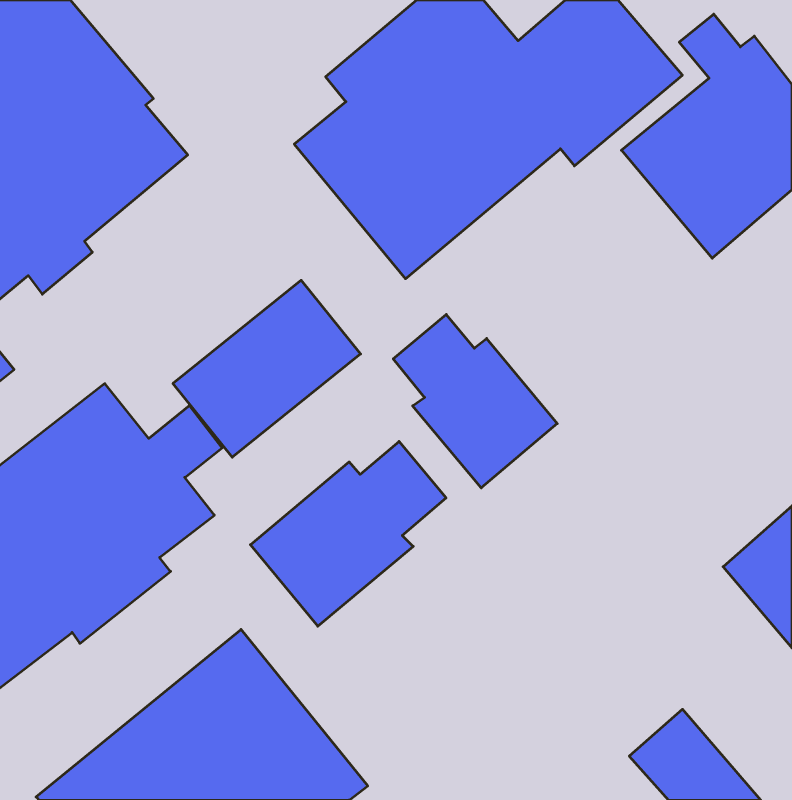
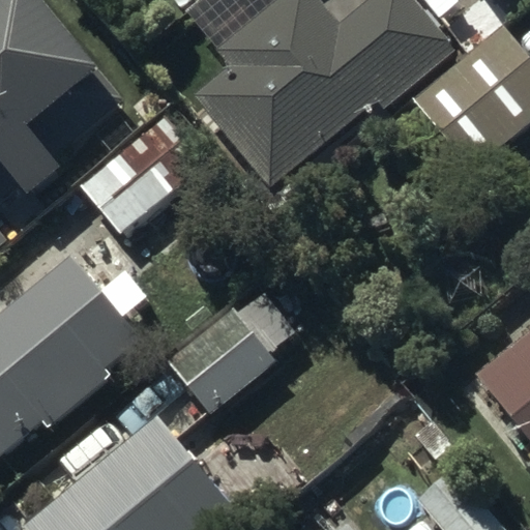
building: [173,280,361,457] -> [80,117,204,234]
building: [393,314,557,488] -> none

